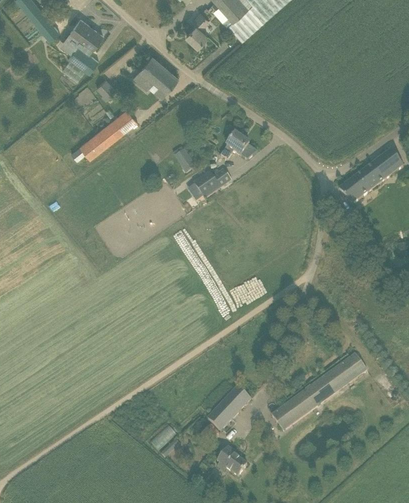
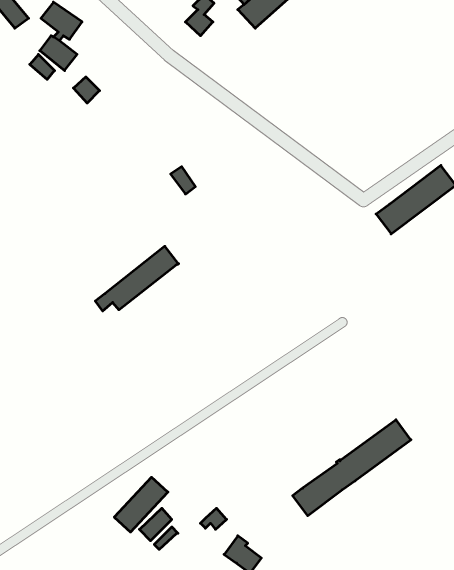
building: [131,56,176,92] -> none
building: [69,109,136,161] -> [95,246,179,311]
building: [219,134,248,160] -> none
building: [191,170,229,200] -> none
building: [206,387,249,431] -> [114,477,168,532]

